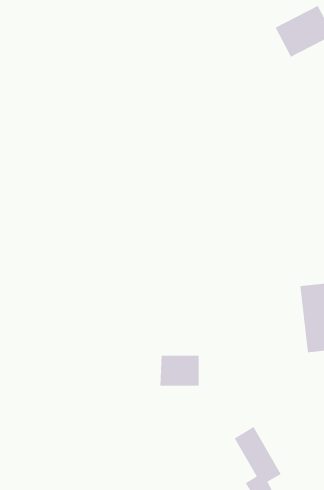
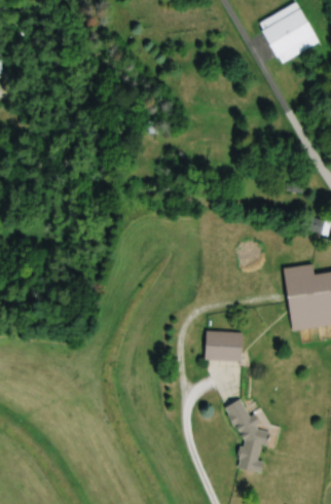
building: [160,355,200,386] -> [205,331,242,360]

